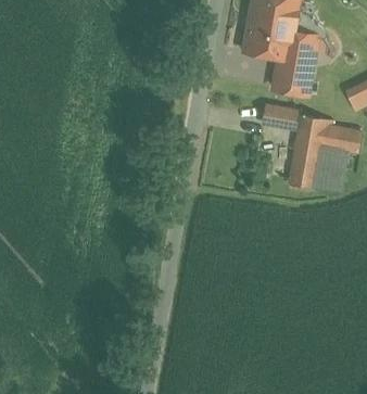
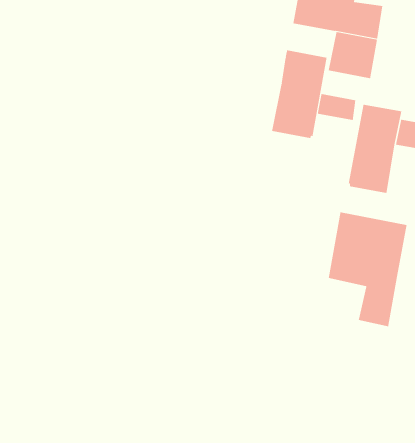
building: none -> [272,49,327,139]
building: none -> [328,212,407,327]

